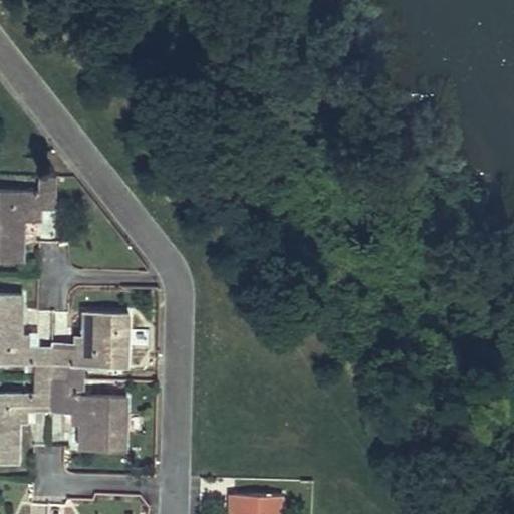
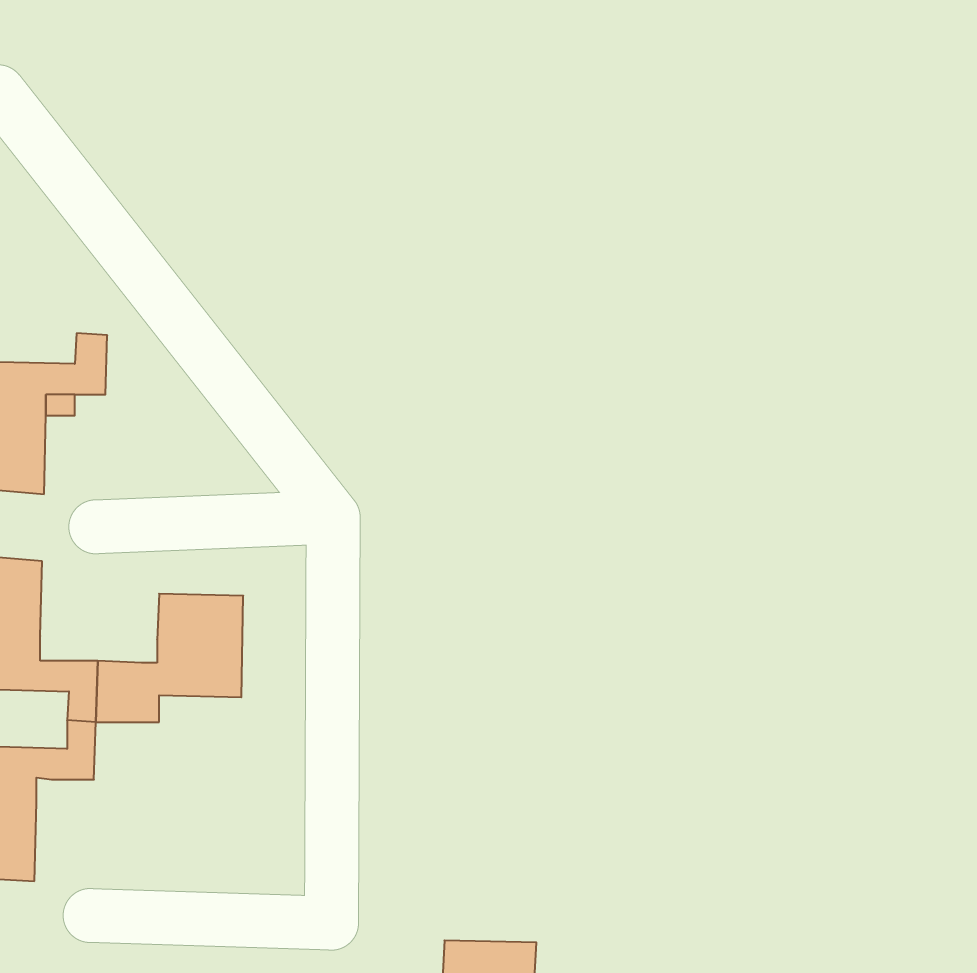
building: [49,381,125,451] -> none

